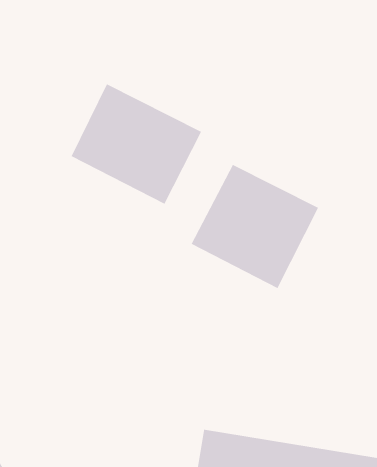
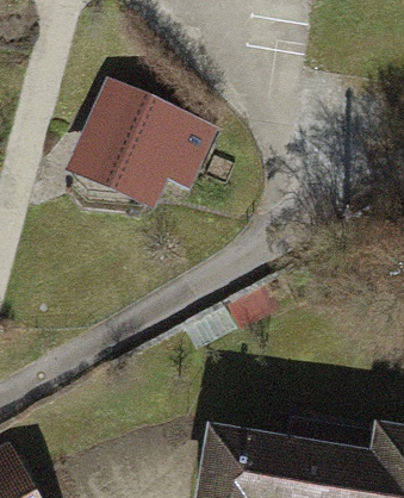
building: [190,164,319,289] -> none

